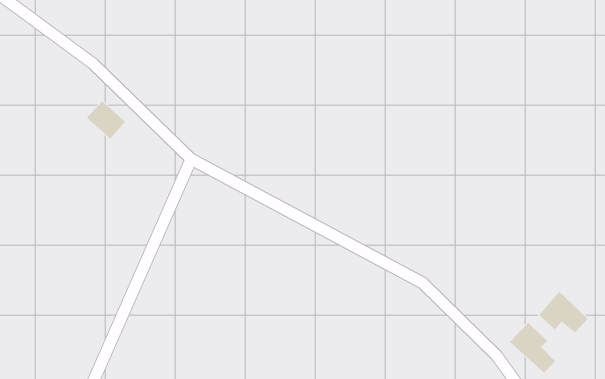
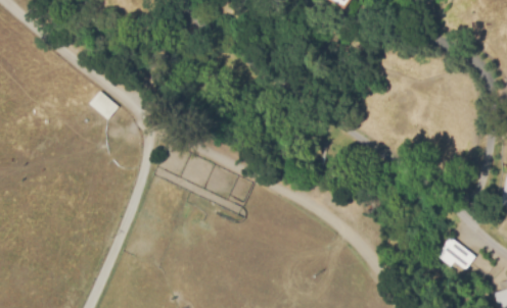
building: [509,322,556,373] -> none

